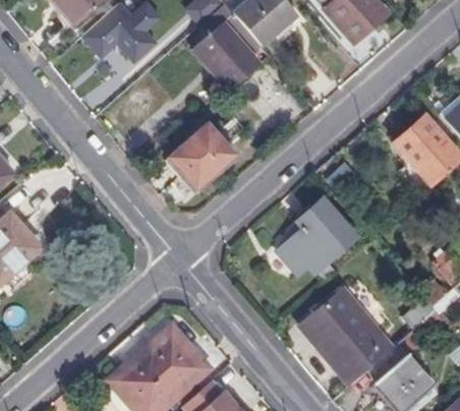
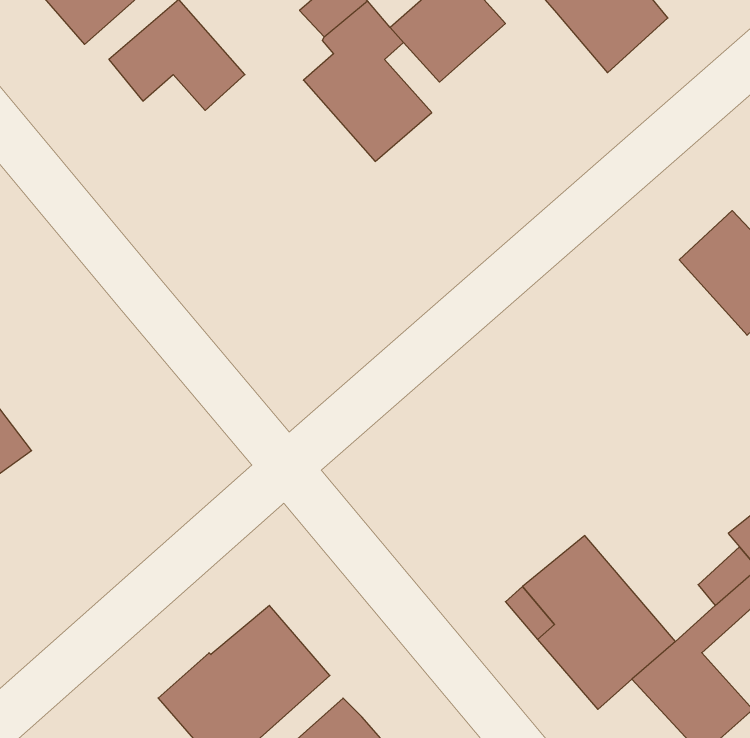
building: [170,114,248,186] -> none
building: [274,200,355,277] -> none

